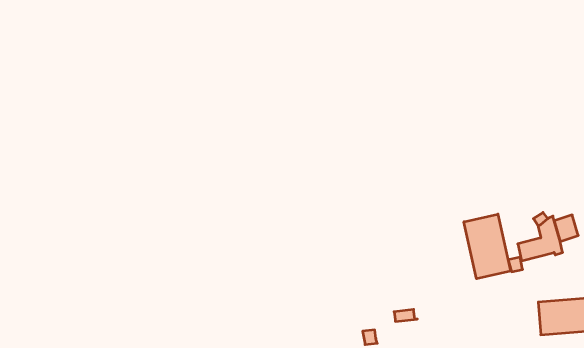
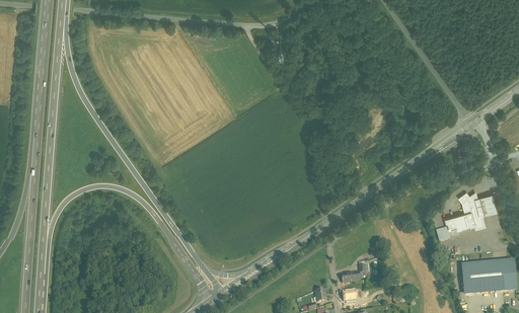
building: [464,214,511,279] -> none

